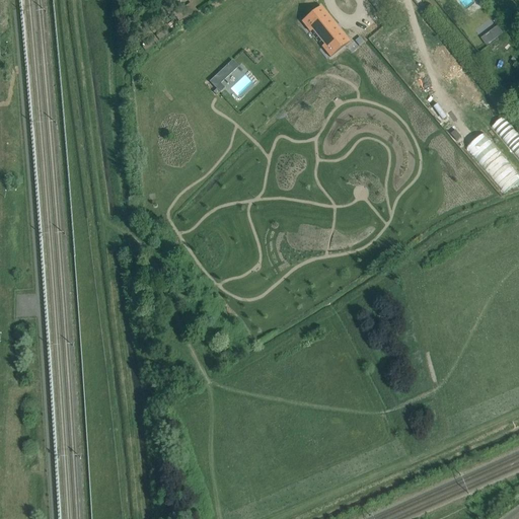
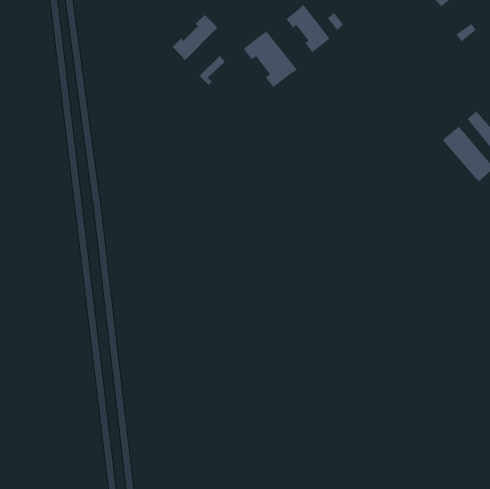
building: none -> [172,14,218,61]
building: none -> [243,30,298,88]

